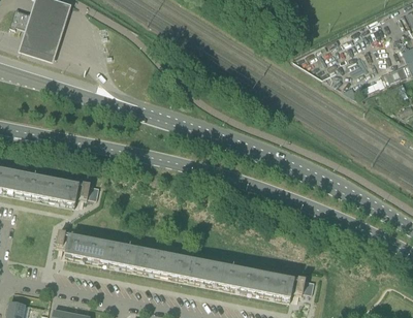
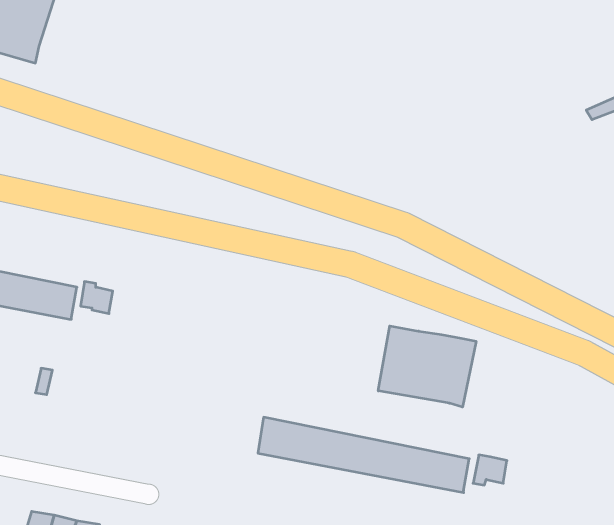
building: none -> [378,326,476,407]
building: [65,232,181,275] -> none

